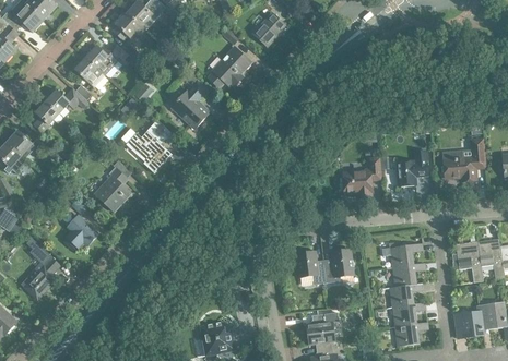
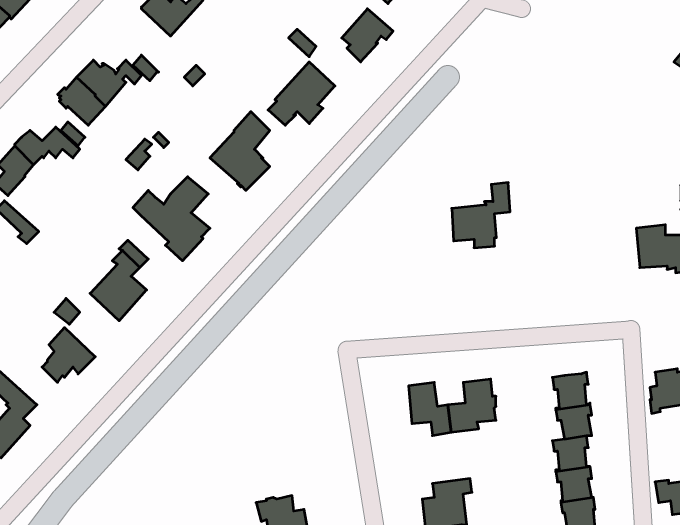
building: [115,12,146,39] -> none
building: [395,149,427,185] -> none
building: [343,156,380,197] -> [452,183,510,248]

